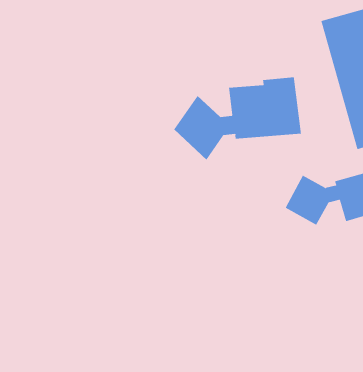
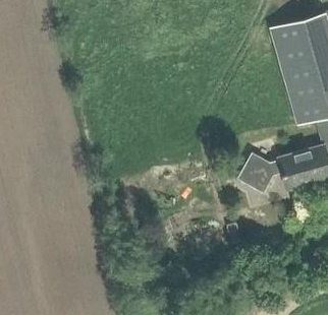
building: [174,77,301,161] -> none

